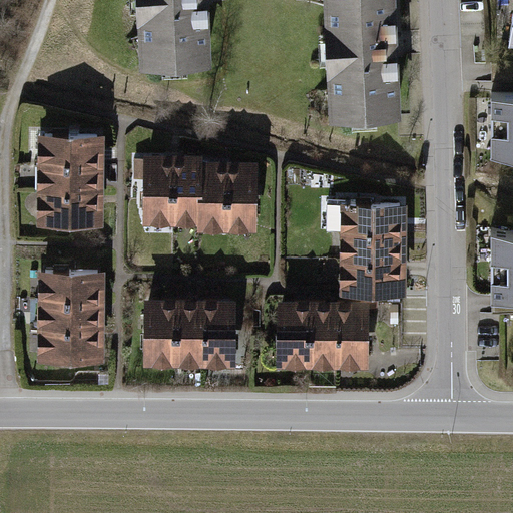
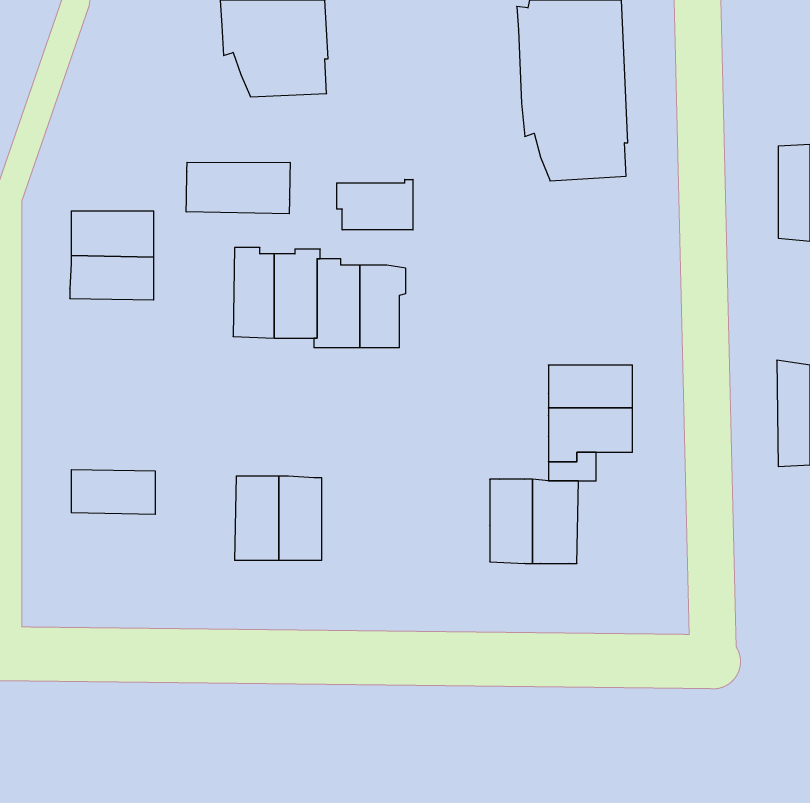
building: none -> [186,162,290,214]
building: none -> [337,179,413,230]
building: [44,193,97,222] -> none
building: [328,204,400,235] -> none
building: [45,274,98,303] -> none
building: [203,307,231,359] -> none
building: [281,308,310,360] -> none
building: [45,329,98,358] -> none

